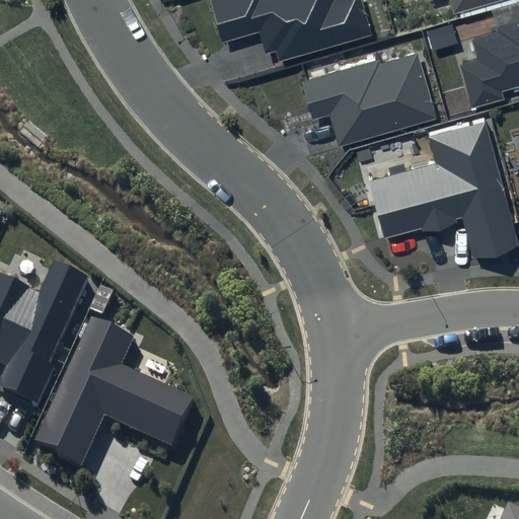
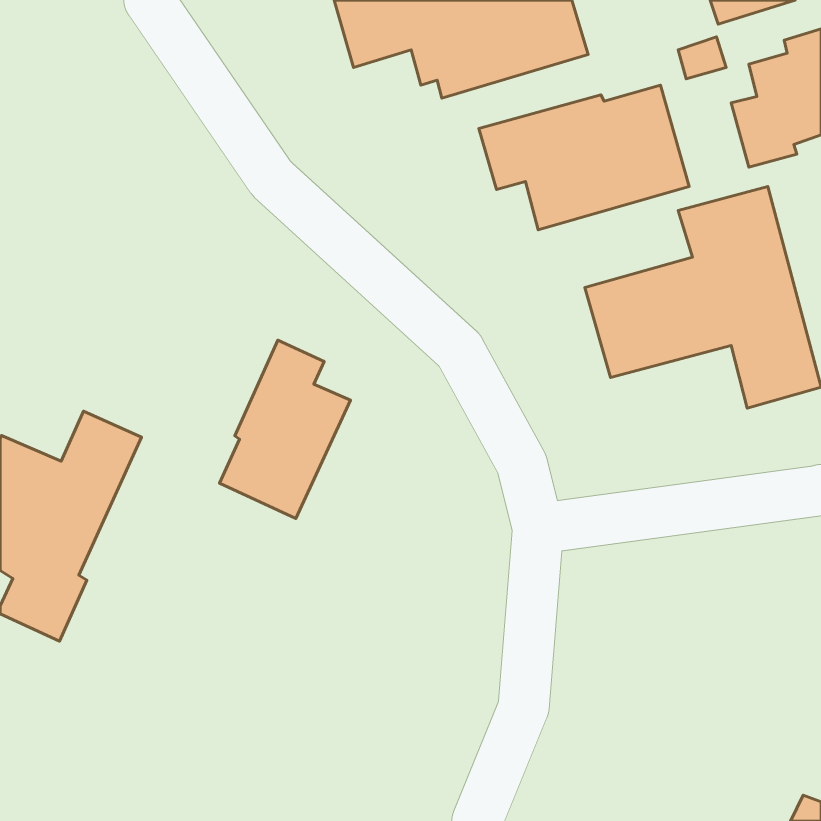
building: none -> [219,340,351,518]
building: [33,316,194,464] -> none

